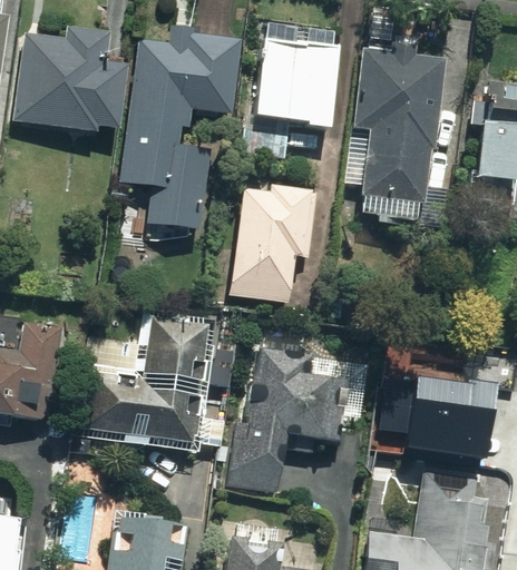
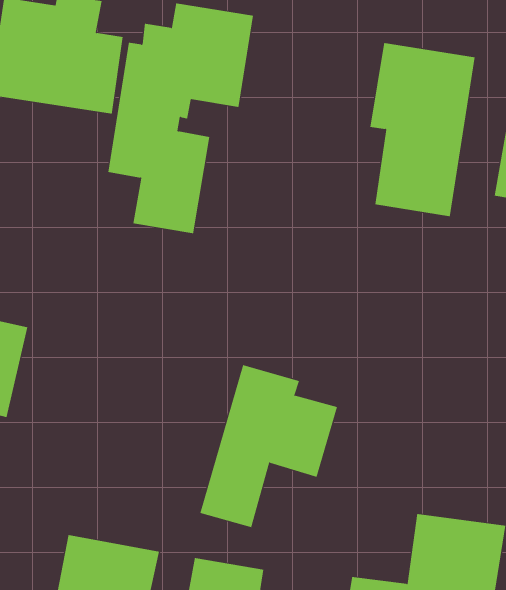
building: [262,36,342,124] -> none
building: [232,185,315,298] -> none
building: [82,320,207,441] -> none
building: [393,375,482,461] -> none

